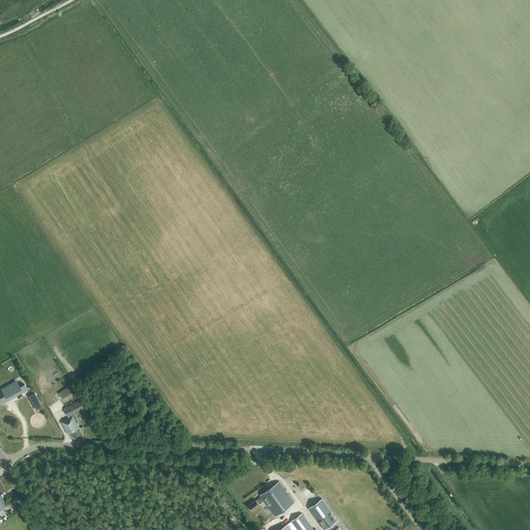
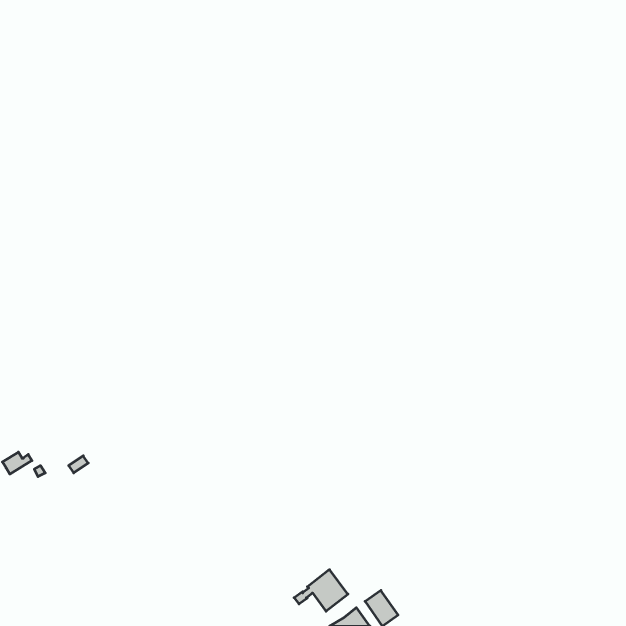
building: [61,400,86,437] -> none

